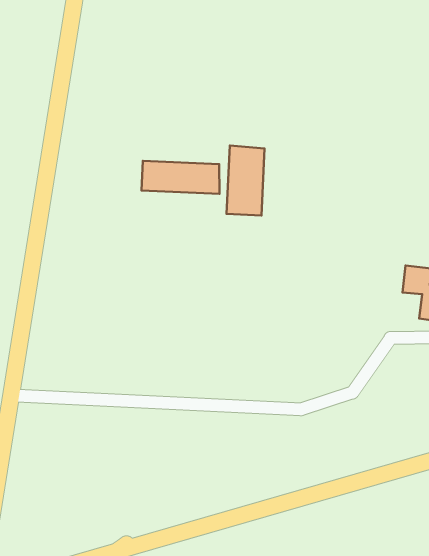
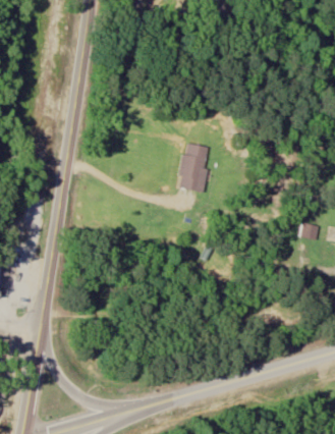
building: [141,161,219,194] -> none

